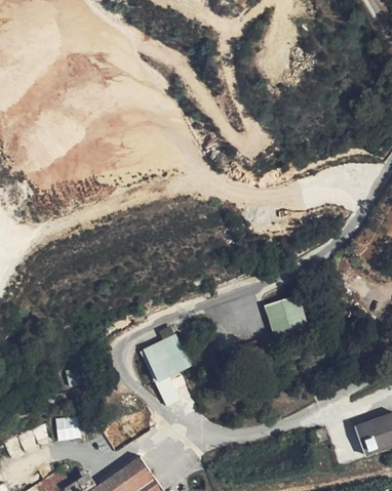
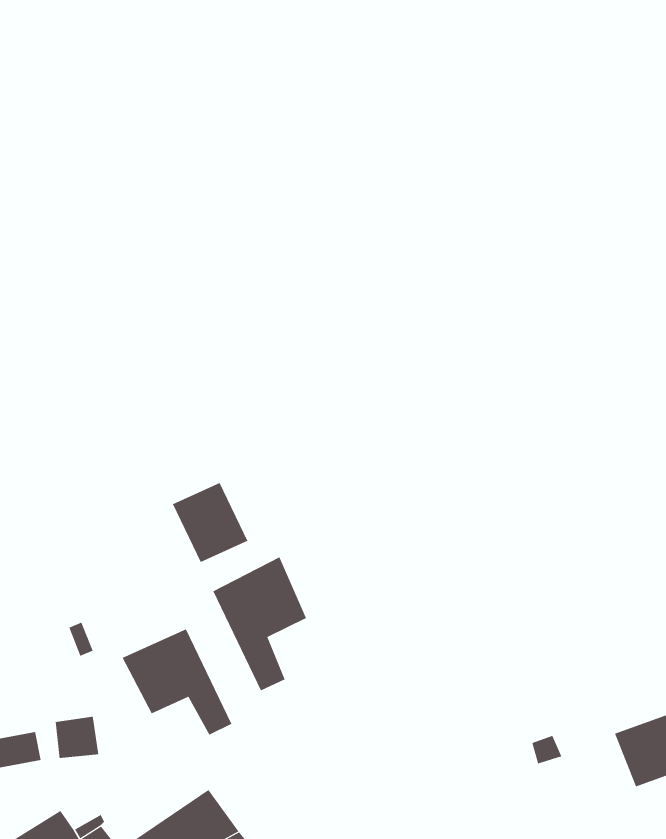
building: none -> [172,482,248,563]
building: [264,294,310,340] -> none
building: none -> [122,629,232,736]

